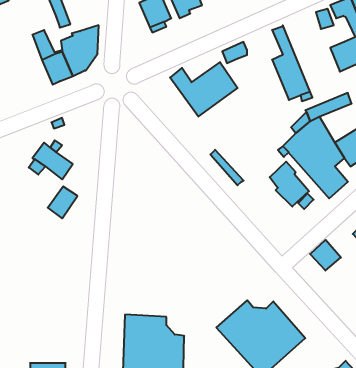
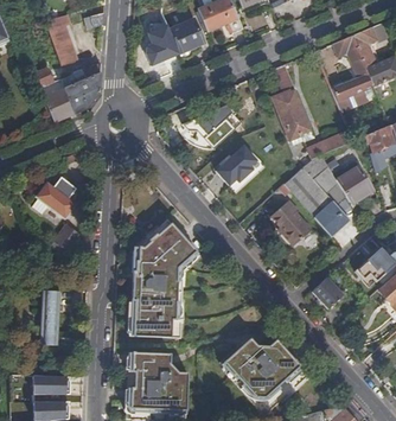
building: none -> [211,145,261,192]
building: none -> [129,219,198,338]
building: none -> [39,289,59,344]
building: none -> [32,374,68,393]

